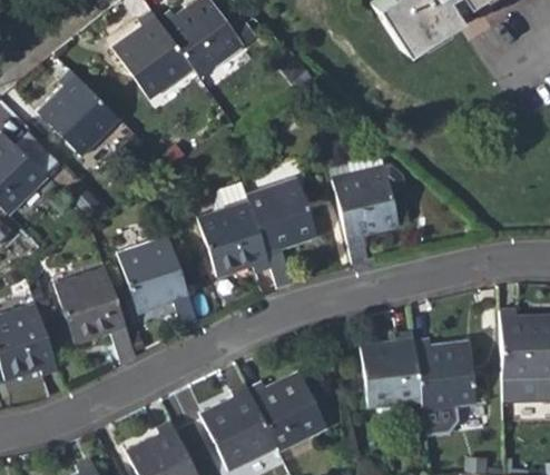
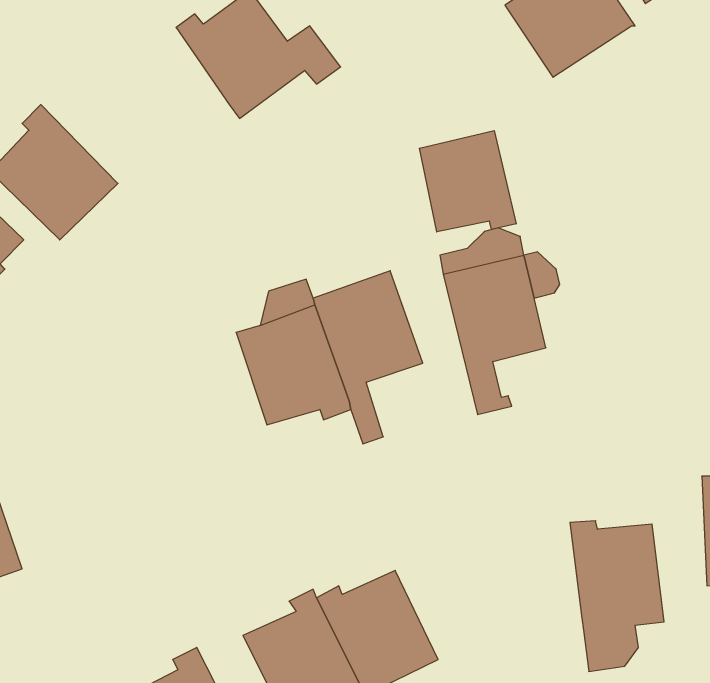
building: [112,10,193,99] -> none
building: none -> [419,131,516,232]
building: [117,236,199,334] -> none
building: [55,267,137,365] -> none
building: [361,331,422,409] -> none

